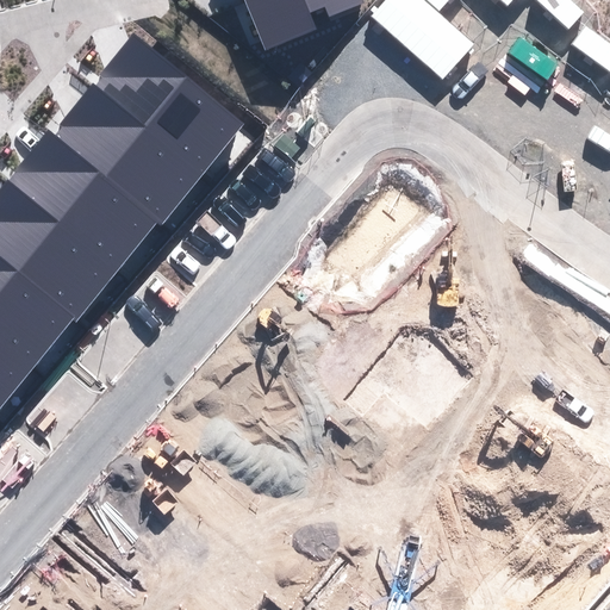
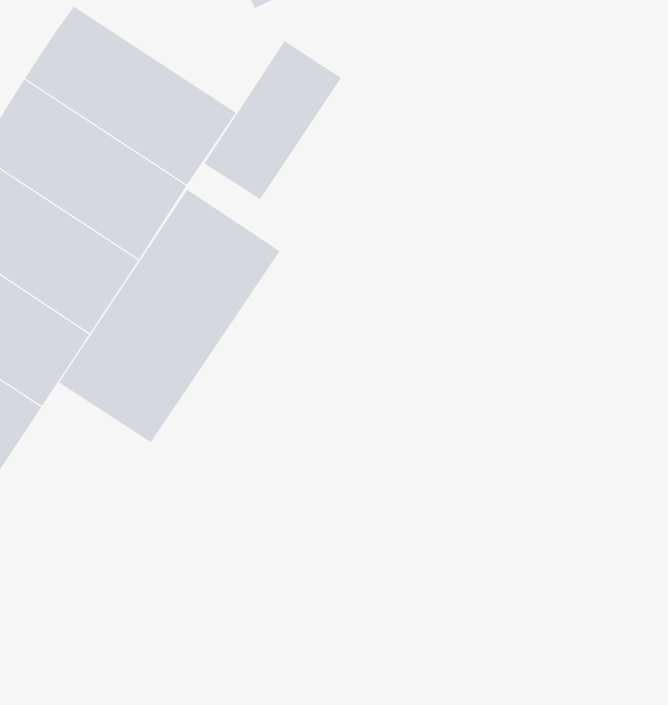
building: none -> [204,40,342,200]
building: none -> [58,189,281,443]

